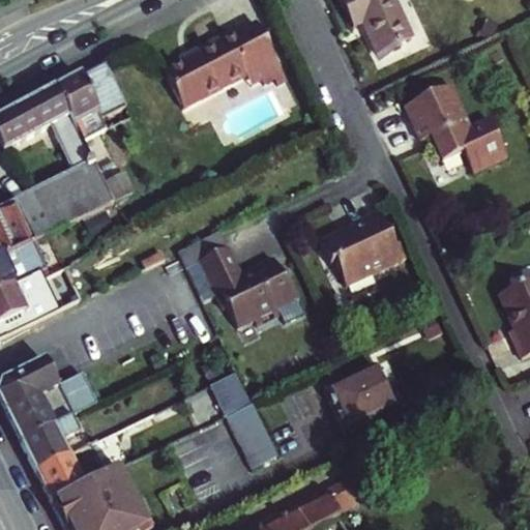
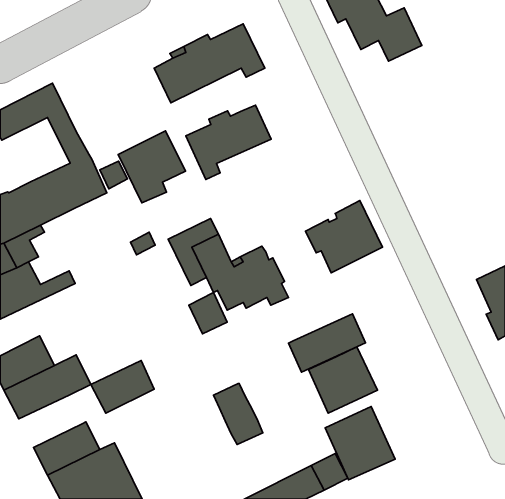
building: [55,62,125,138] -> [118,131,185,203]
building: [406,83,509,171] -> none
building: none -> [186,105,271,180]
building: none -> [288,314,366,372]
building: [209,371,249,414] -> [189,292,227,334]
building: [20,414,86,469] -> [91,361,154,413]
building: none -> [325,407,395,480]

